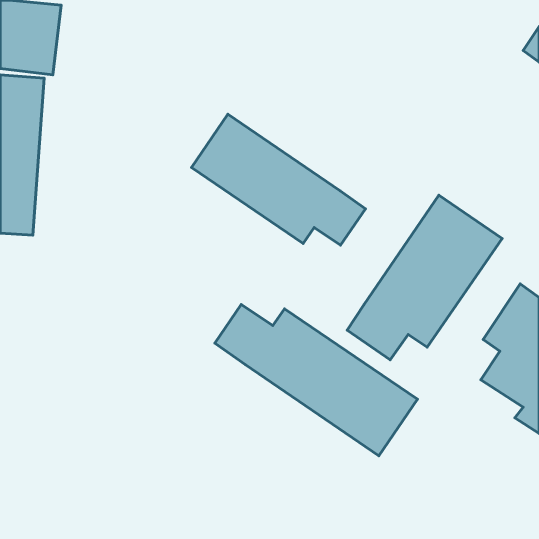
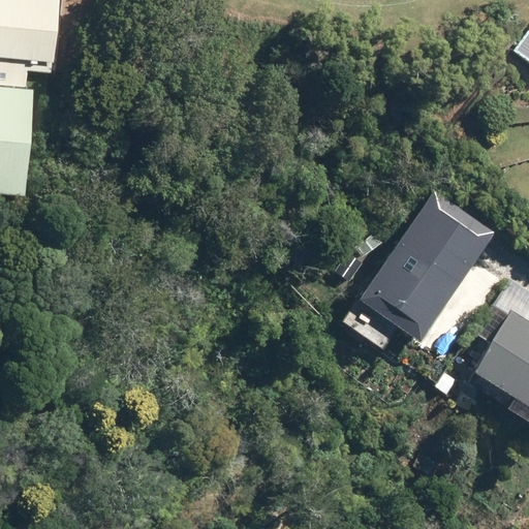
building: [191,114,366,245] -> none
building: [215,305,417,456] -> none

